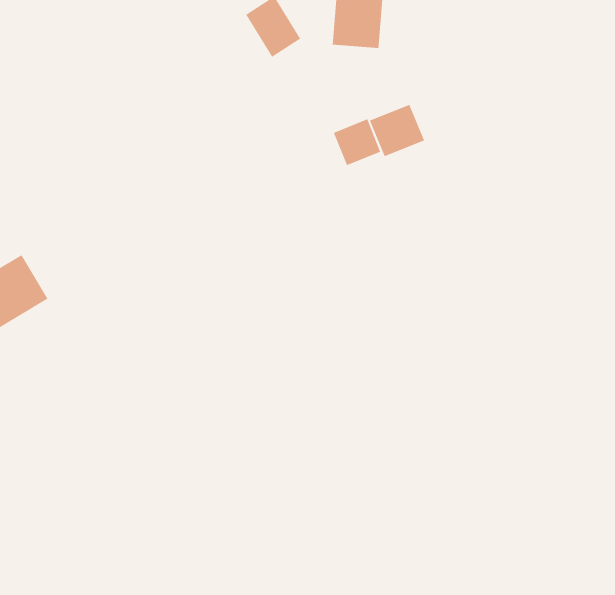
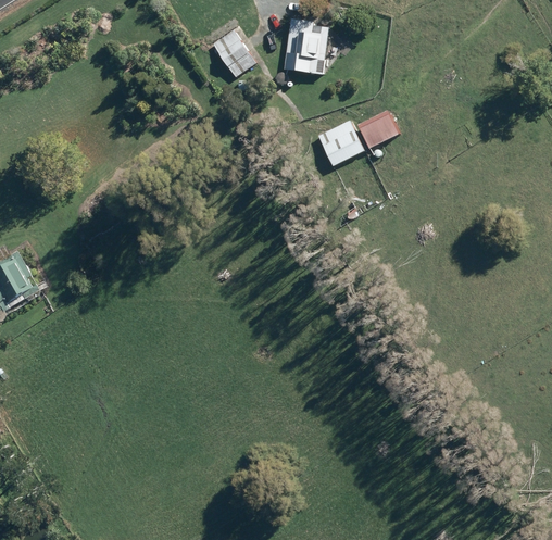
building: none -> [357,115,396,149]
building: [333,118,381,166] -> none

